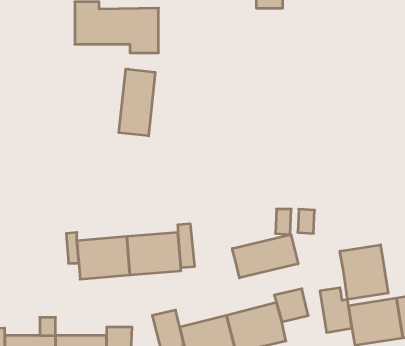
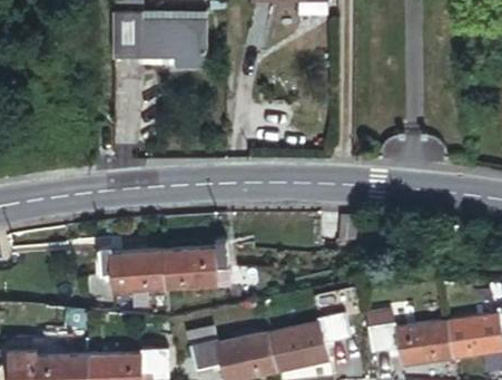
building: [119,69,155,136] -> none
building: [232,234,298,278] -> none
building: [340,245,388,299] -> none

